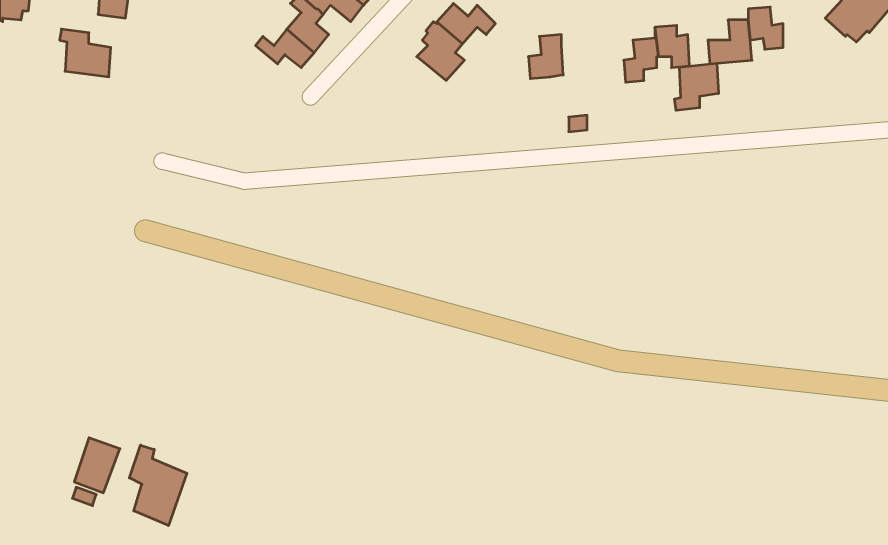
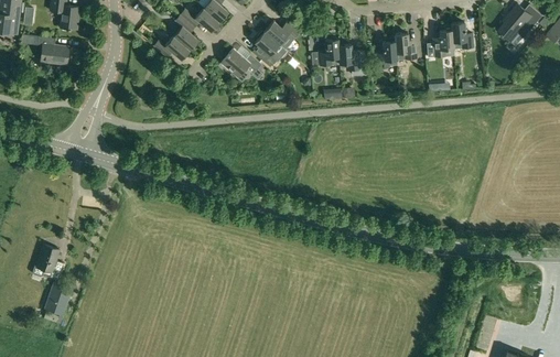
building: none -> [338,45,366,76]
building: none -> [222,48,263,77]
building: [675,63,718,110] -> none
building: none -> [35,245,63,280]
building: [129,445,187,526] -> none

